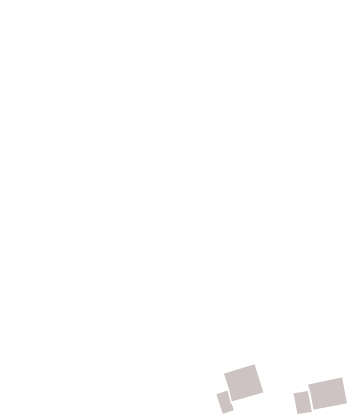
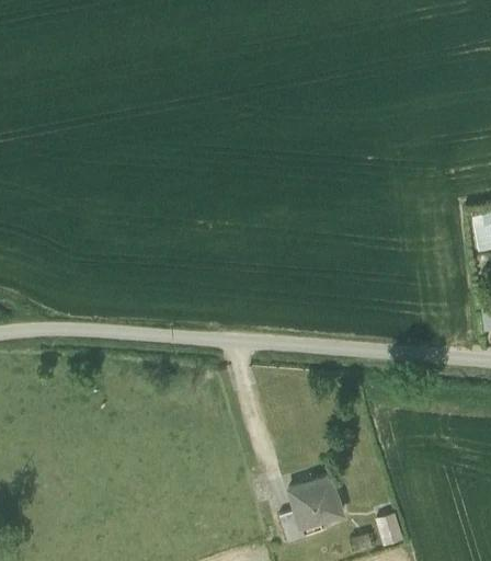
building: [307,377,348,411] -> none

